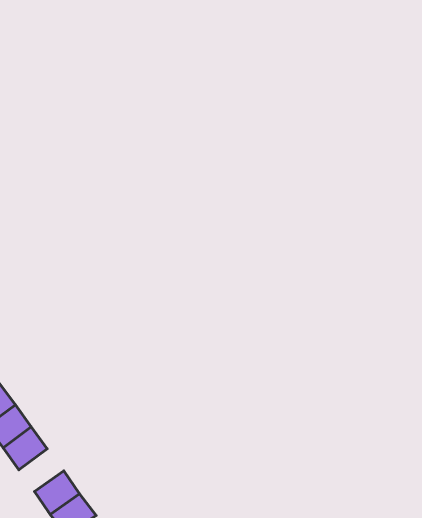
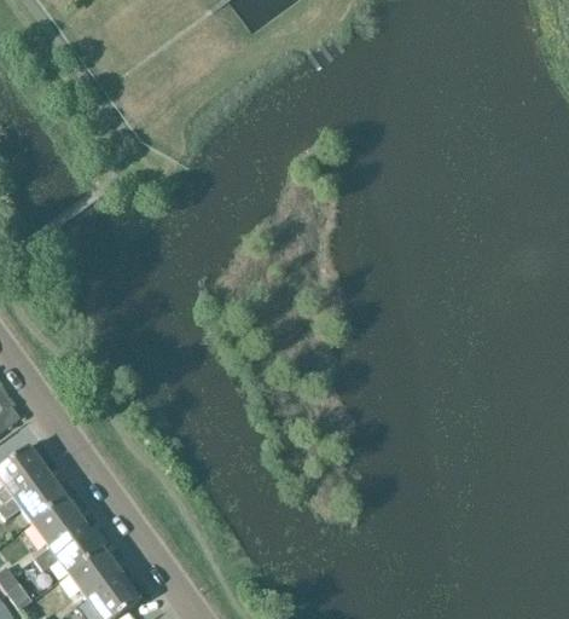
building: none -> [34,521,101,571]

